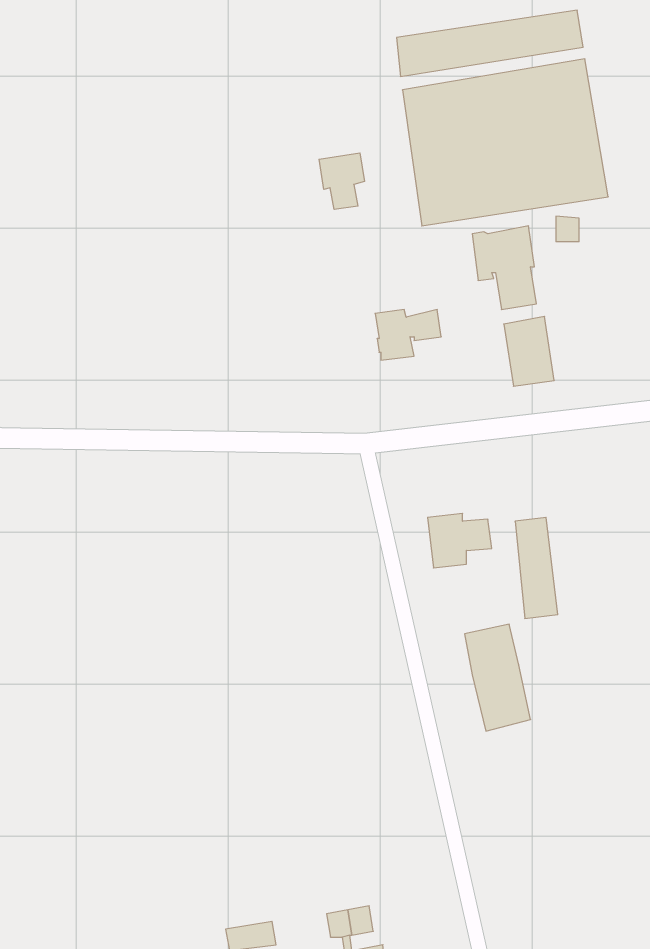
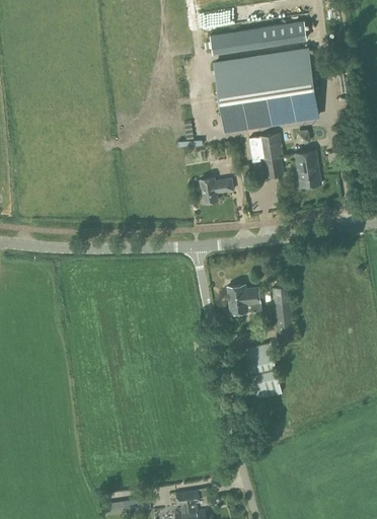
building: [319,153,364,209] -> none
building: [504,316,554,386] -> [294,150,320,187]

